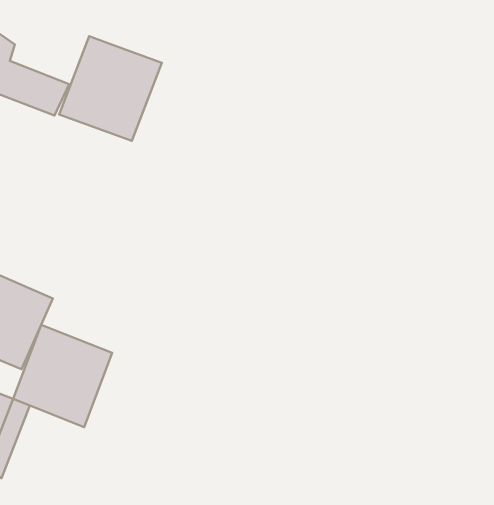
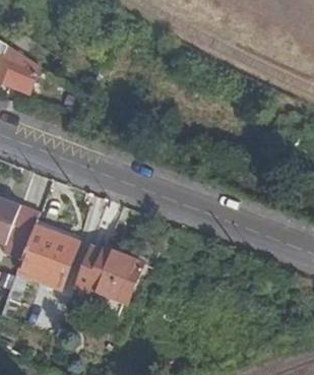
building: [59,36,162,141] -> none
building: none -> [74,249,141,301]

